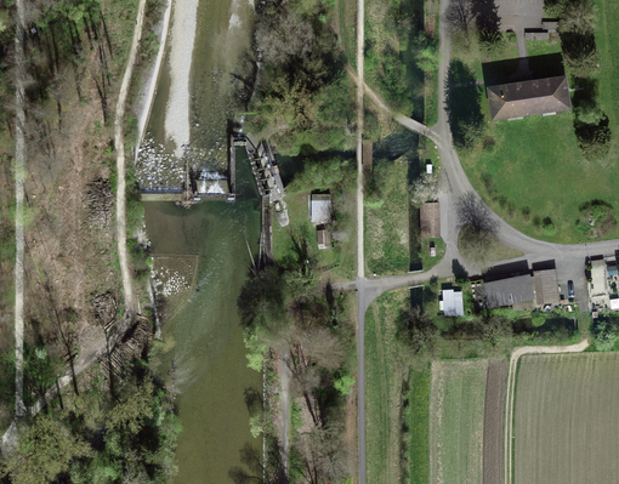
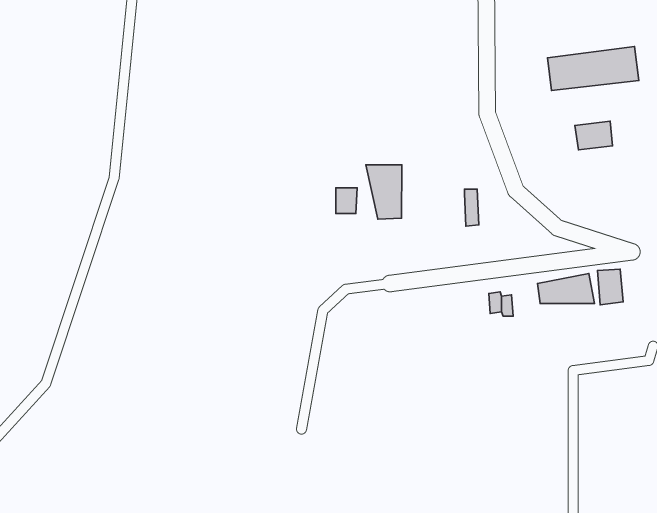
building: none -> [575,121,612,150]
building: none -> [366,165,402,219]

